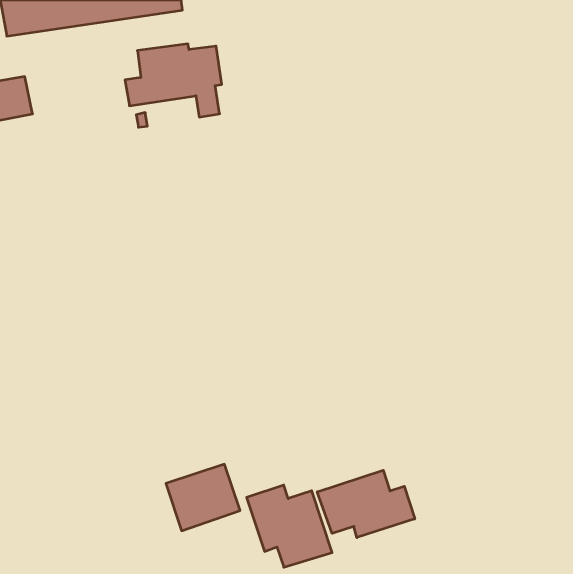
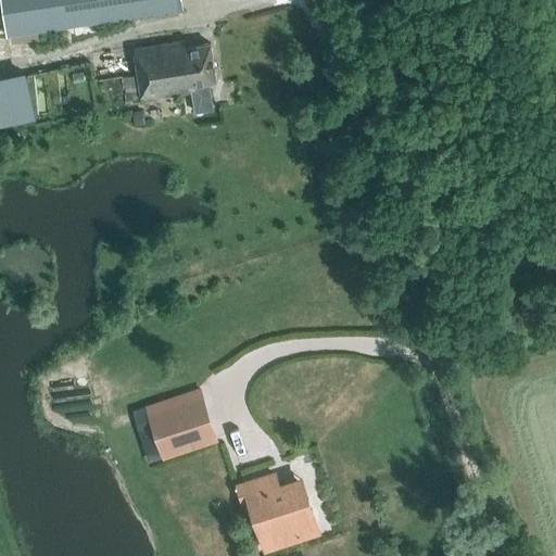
building: [166,464,240,531] -> [146,396,217,460]
building: [317,470,415,538] -> none

